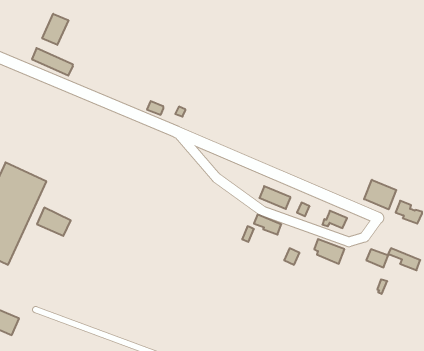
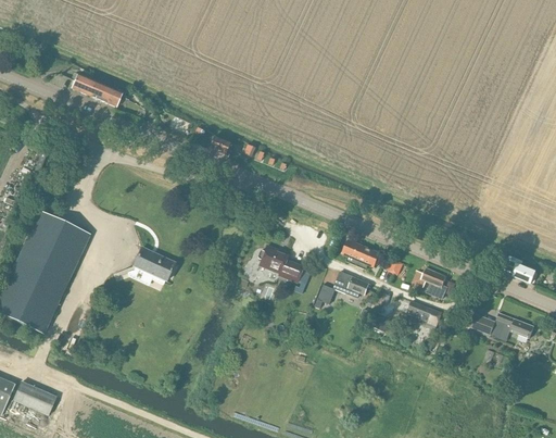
building: [42,14,68,45] -> none
building: [364,180,396,209] -> none
building: none -> [257,247,303,283]
building: [37,208,71,236] -> [135,249,175,283]

